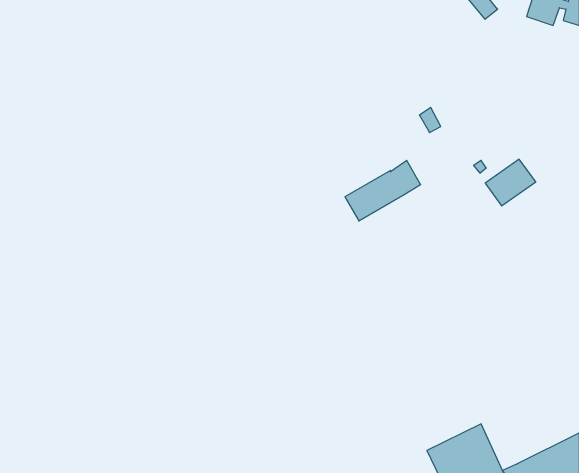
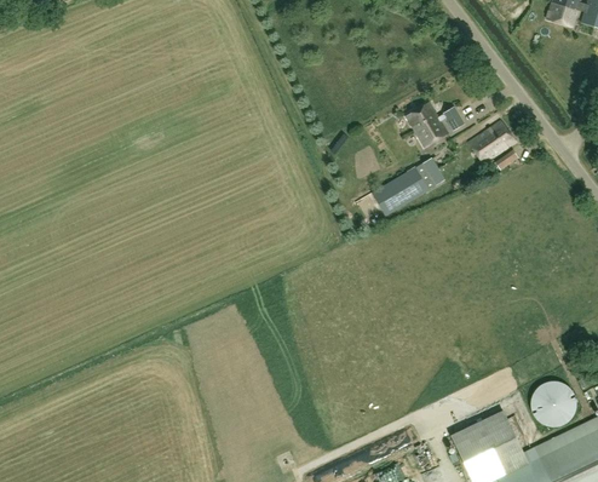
building: none -> [406,102,448,147]
building: [485,159,536,206] -> [467,119,516,163]
building: none -> [530,380,576,426]

